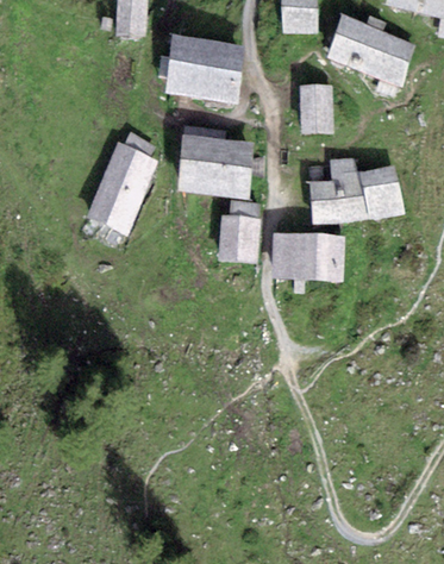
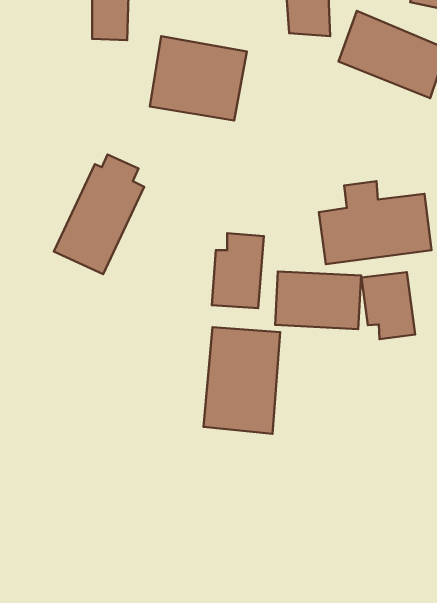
building: [300,82,333,133] -> none
building: [177,134,252,199] -> none
building: none -> [362,272,415,339]
building: none -> [204,327,280,434]

